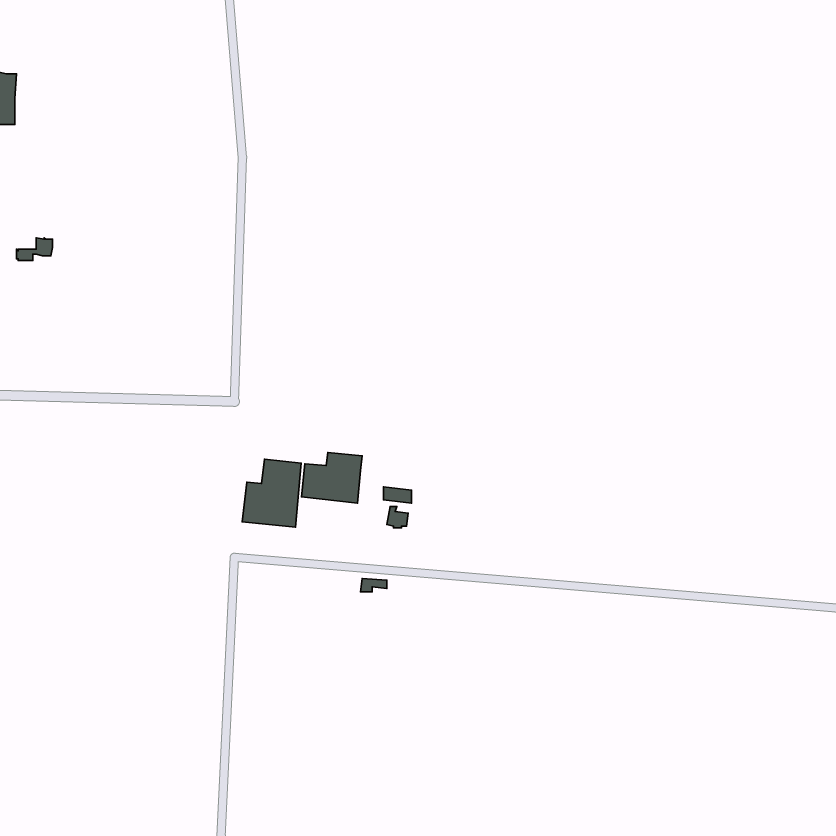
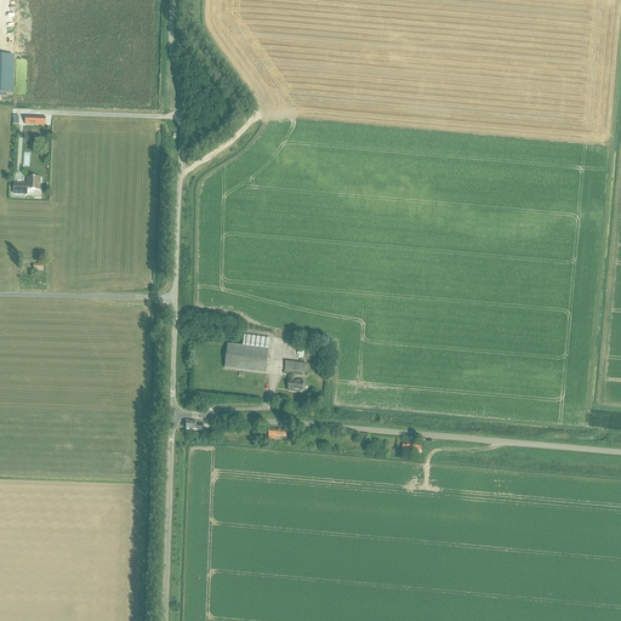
building: [242,459,301,527] -> none

